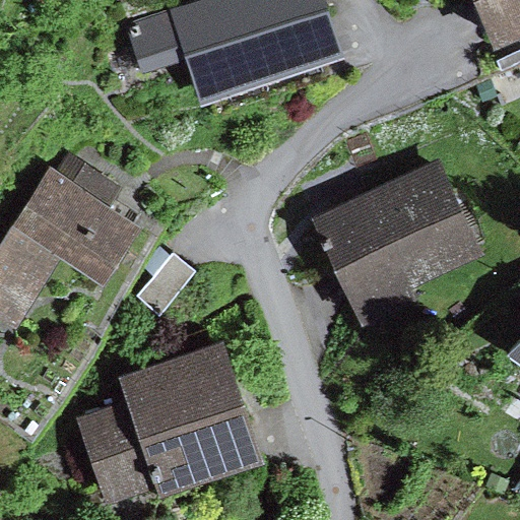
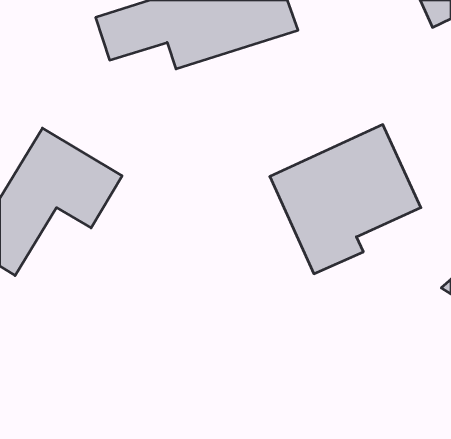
building: [78,340,267,507] -> none

